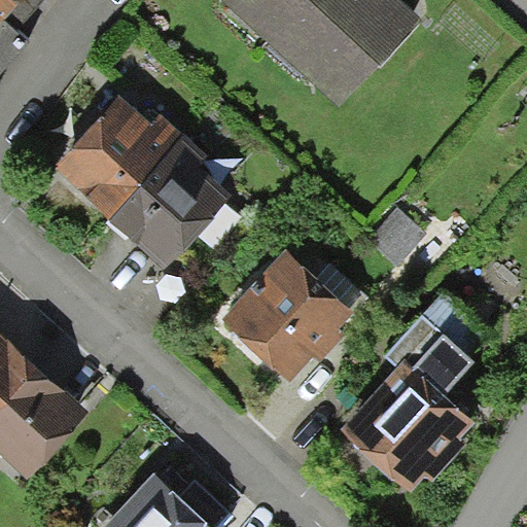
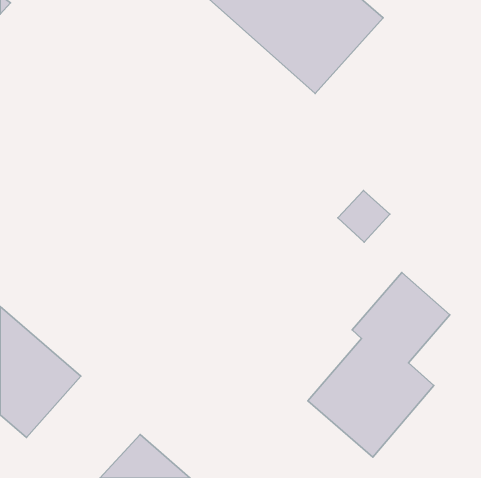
building: [55,93,226,261] -> none
building: [222,253,347,383] -> none

